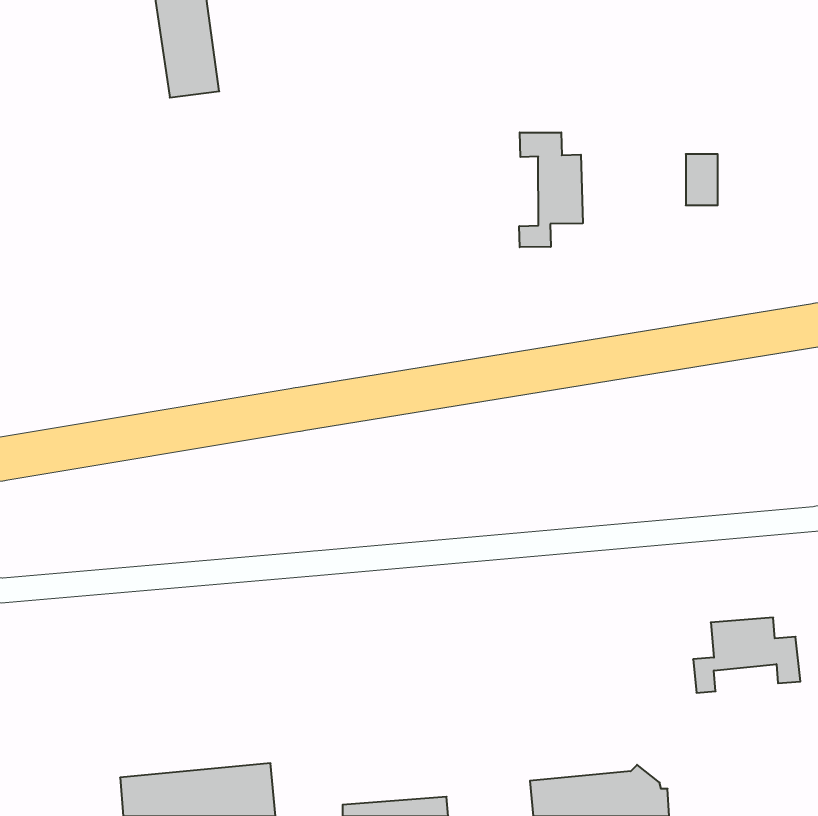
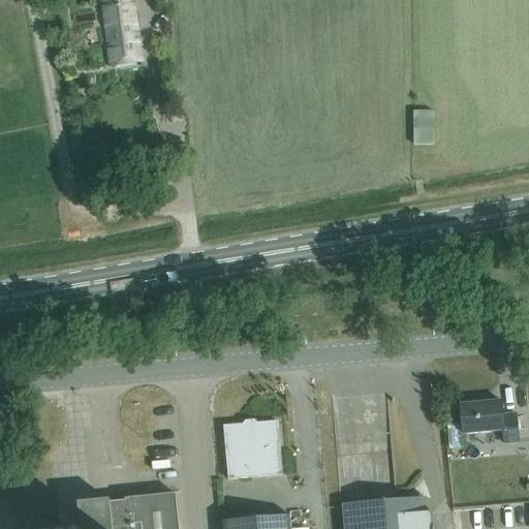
building: [519,132,583,247] -> none
building: [686,154,718,205] -> [412,111,433,144]
building: none -> [222,421,281,478]

